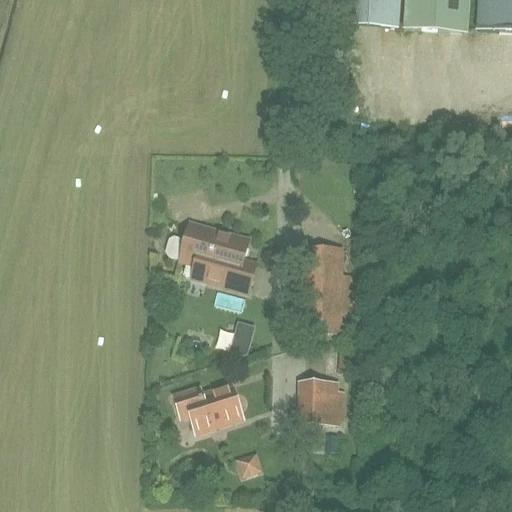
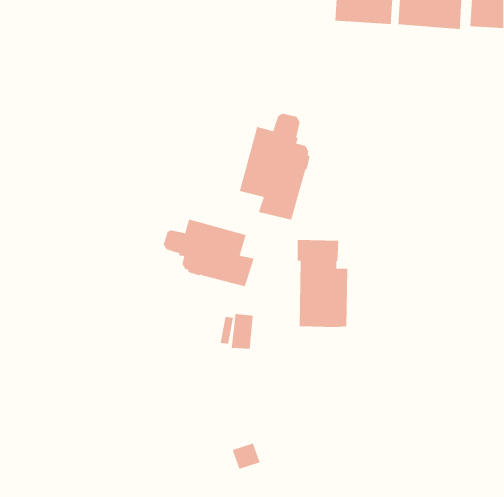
building: none -> [239,113,310,220]
building: [301,381,336,423] -> none
building: [175,384,243,431] -> none

